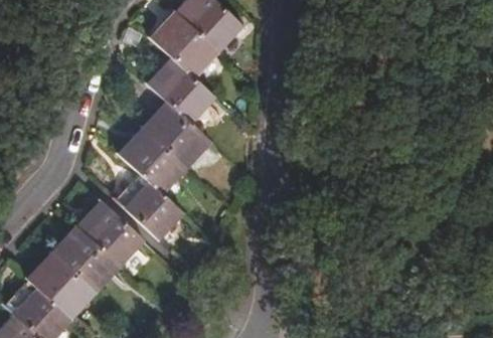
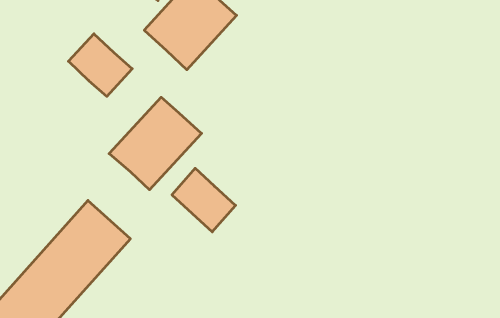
building: [151,60,211,120] -> [68,34,132,96]
building: [119,175,179,235] -> [172,168,236,232]

